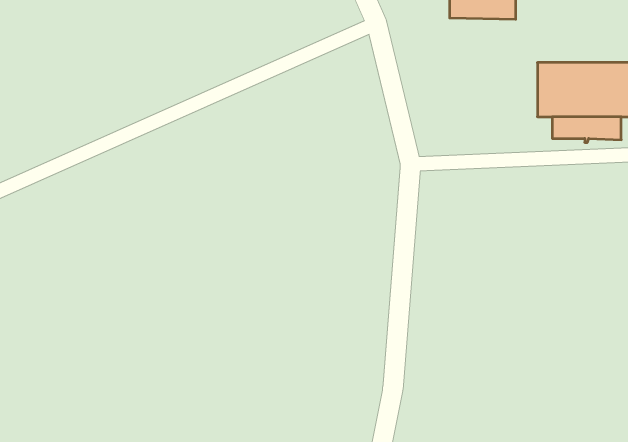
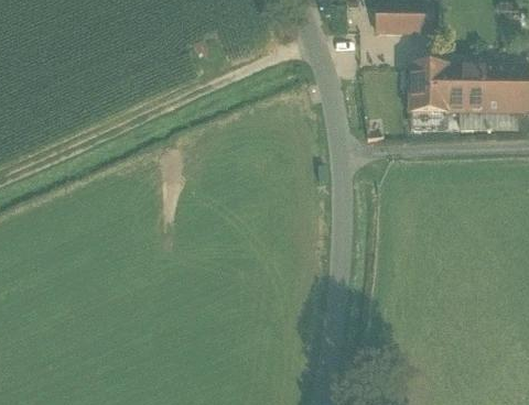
building: none -> [409,65,447,111]

